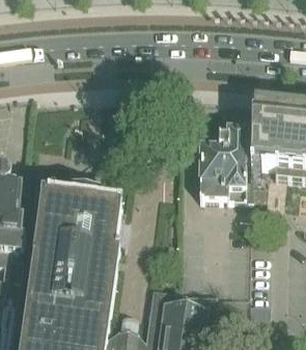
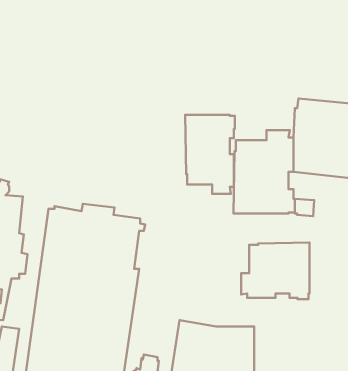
building: none -> [185,115,235,194]
building: none -> [241,242,310,299]

